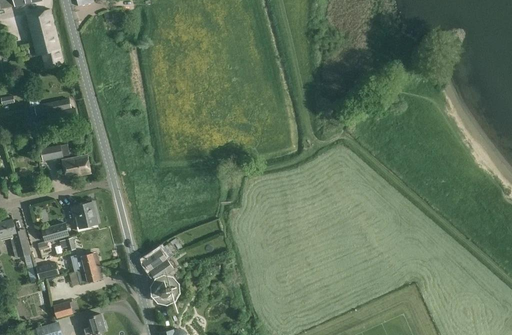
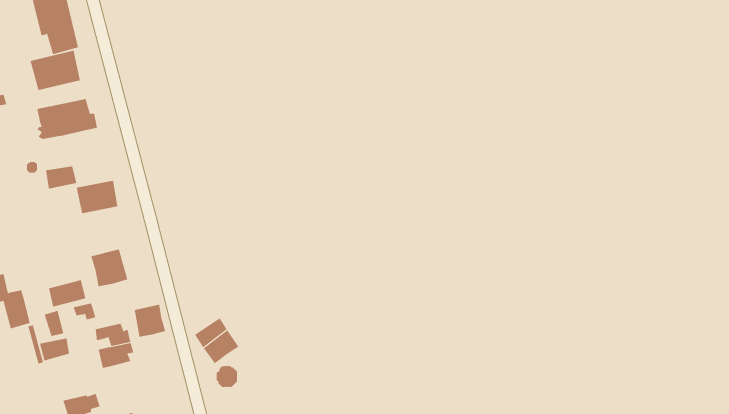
building: none -> [30,50,81,91]
building: none -> [134,304,166,337]

